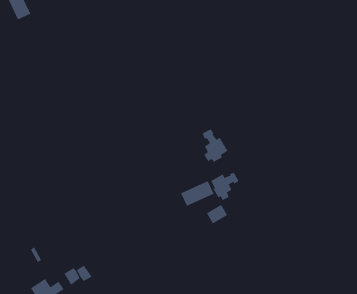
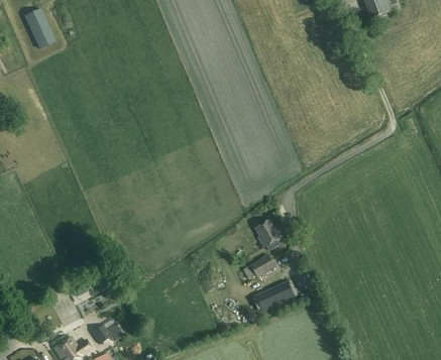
building: [202,128,228,162] -> none
building: [180,180,214,207] -> [256,281,295,311]

